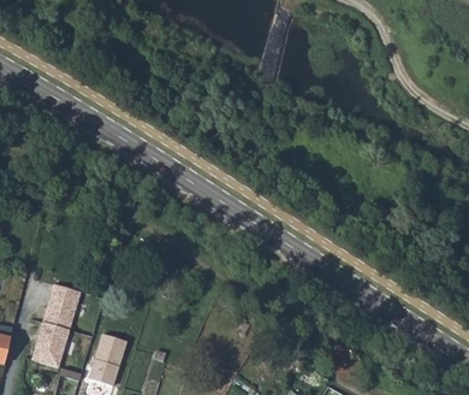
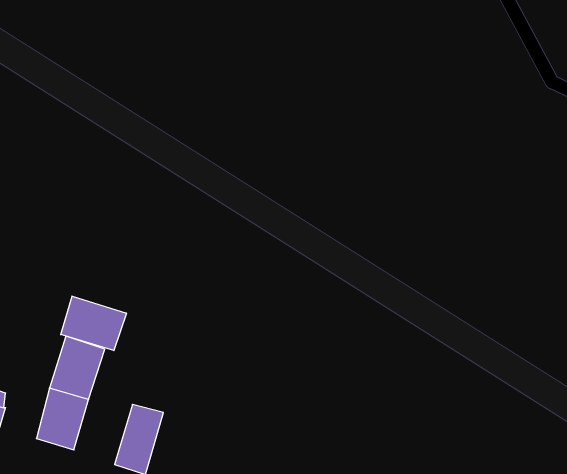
building: none -> [61,296,126,351]

